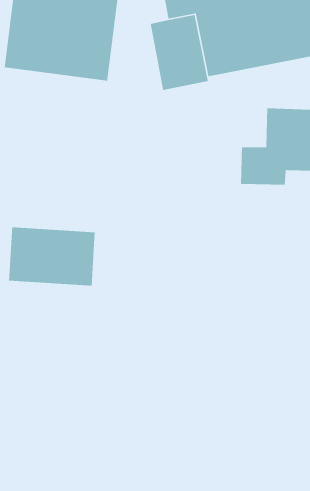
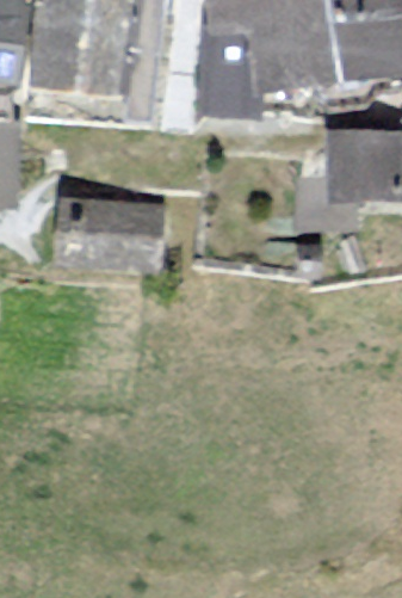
building: [8,227,95,286] -> [57,199,156,267]

